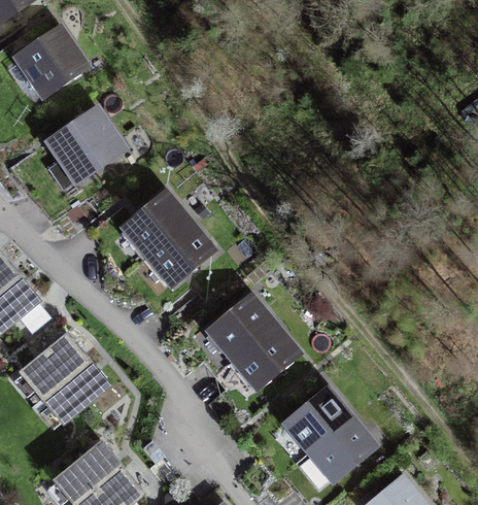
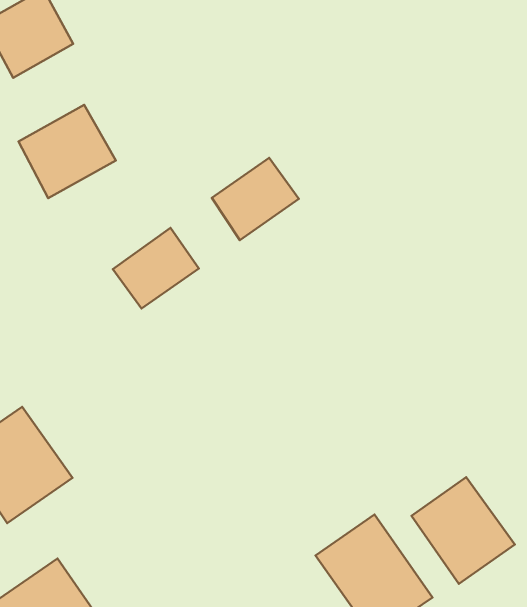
building: [147,225,210,285] -> [212,158,299,240]
building: [210,300,296,388] -> none
building: none -> [412,477,515,584]

